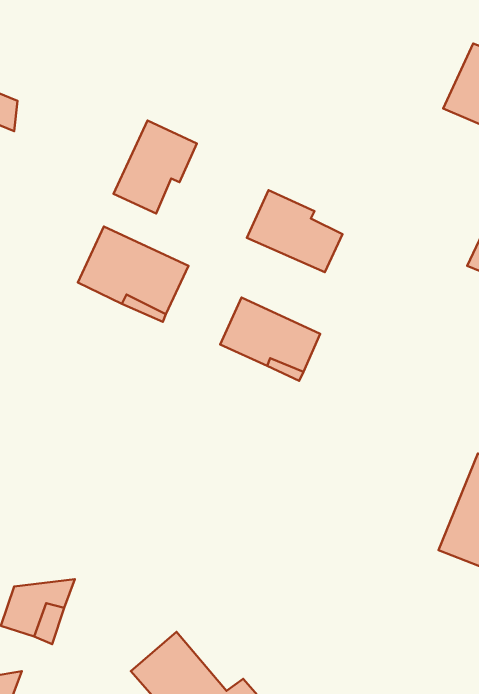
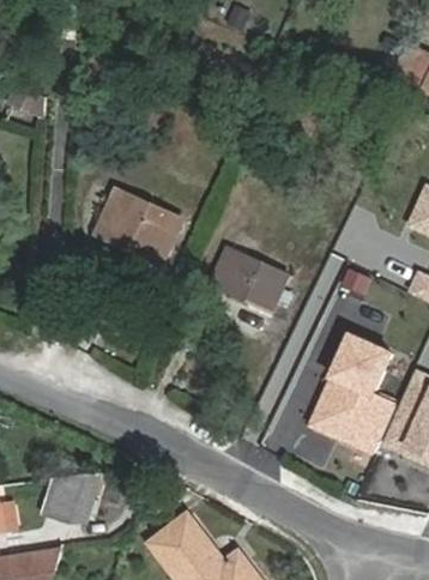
building: [113,120,197,214] -> none
building: [247,190,343,272] -> none
building: none -> [312,332,395,451]

